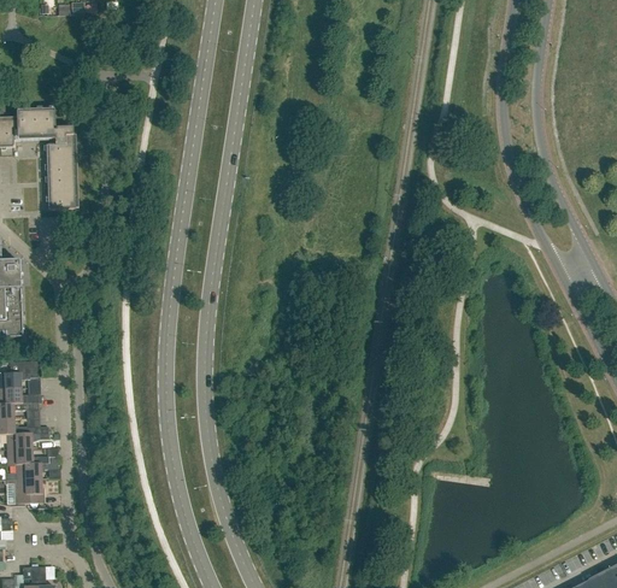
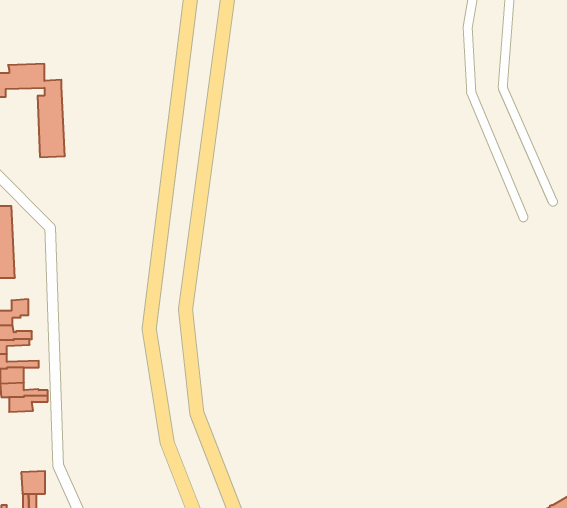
building: [16,478,41,502] -> [21,471,45,494]

